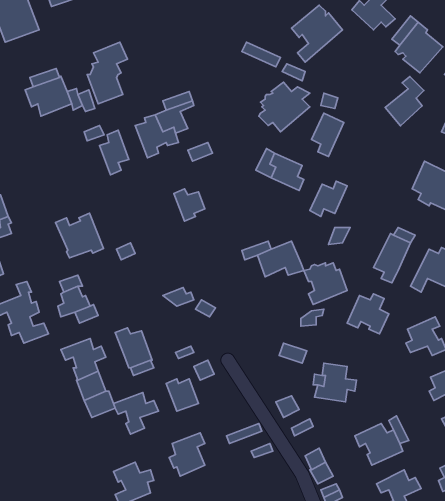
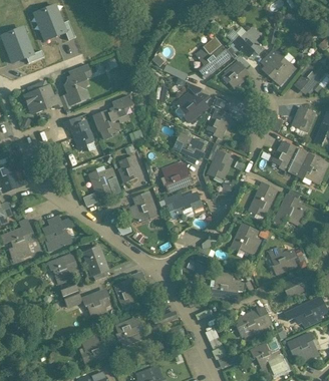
building: [385,77,424,126] -> [224,55,249,87]
building: [56,213,104,258] -> [87,167,118,197]
building: none -> [129,195,156,221]
building: [304,263,347,305] -> [162,163,191,190]

